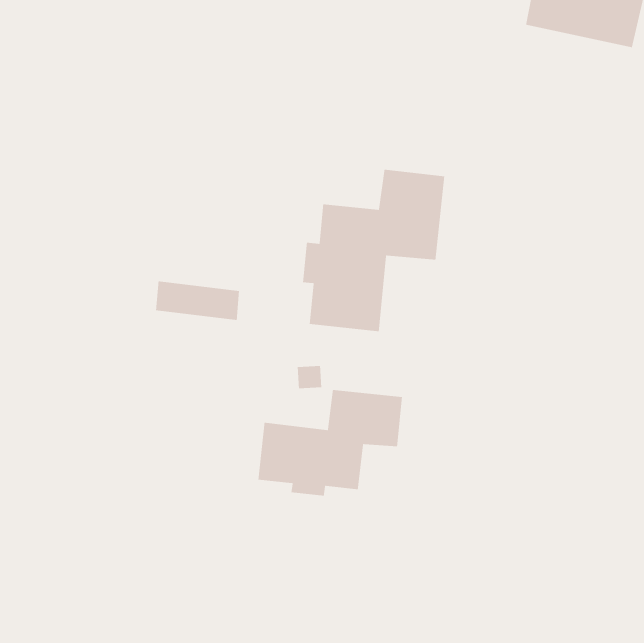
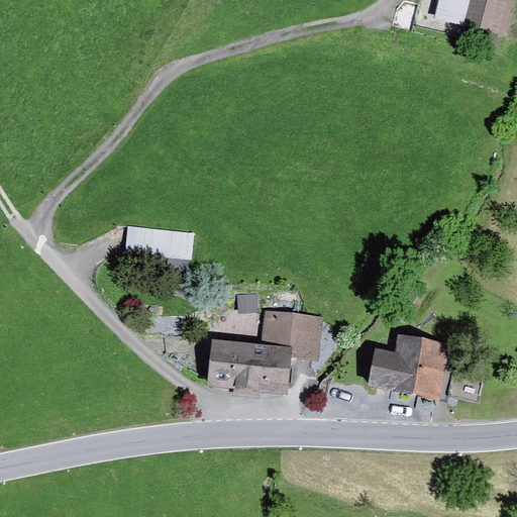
building: [302,169,445,332] -> none
building: none -> [367,335,448,398]

